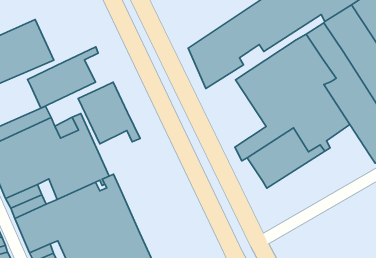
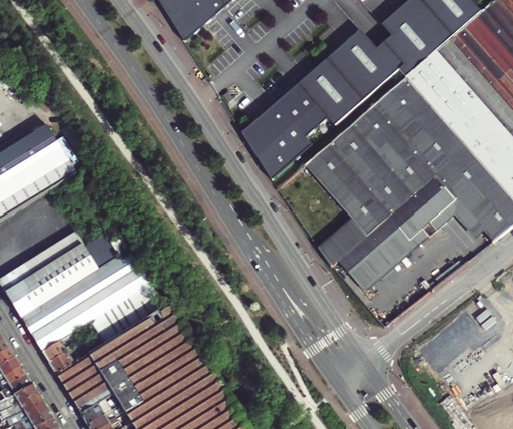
building: [28,47,98,108] -> none
building: [78,82,140,144] -> none
building: none -> [429,198,485,240]

